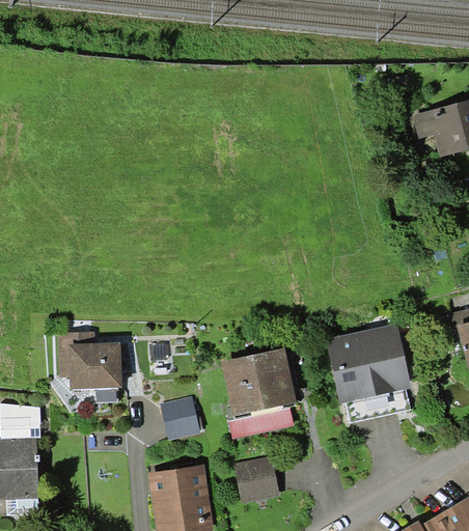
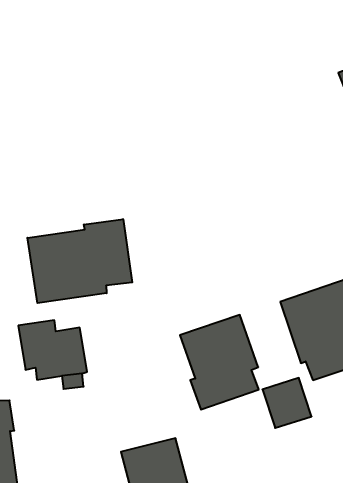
building: none -> [27,219,132,303]
building: [159,396,200,440] -> none
building: [233,455,280,503] -> [262,378,312,428]

